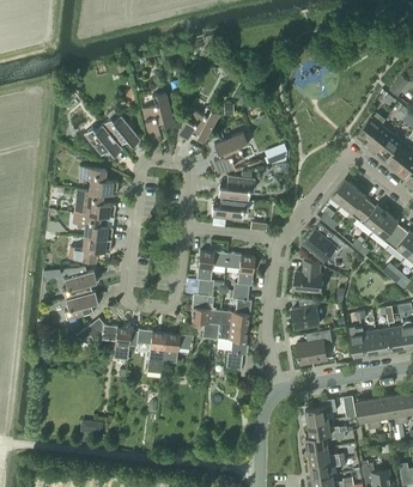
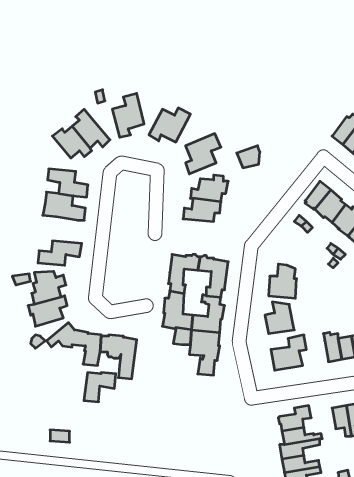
building: [72,213,113,241] -> none
building: [303,229,345,262] -> none
building: [162,335,193,364] -> [84,373,116,402]

